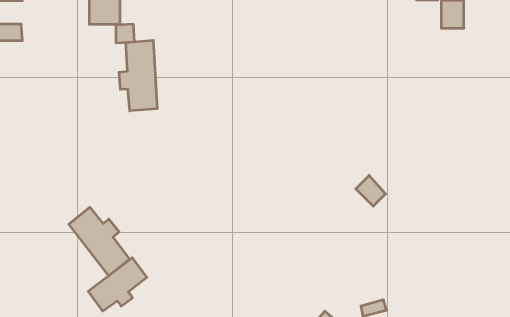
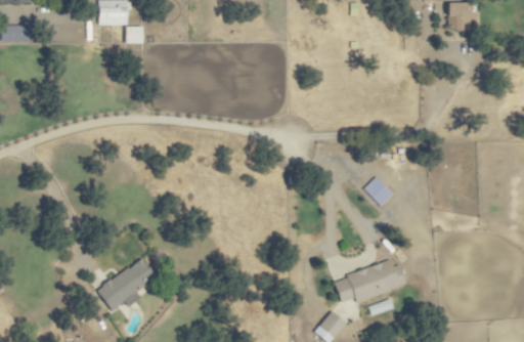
building: [119,40,157,111] -> none
building: [69,207,130,276] -> none
building: none -> [334,260,407,302]

